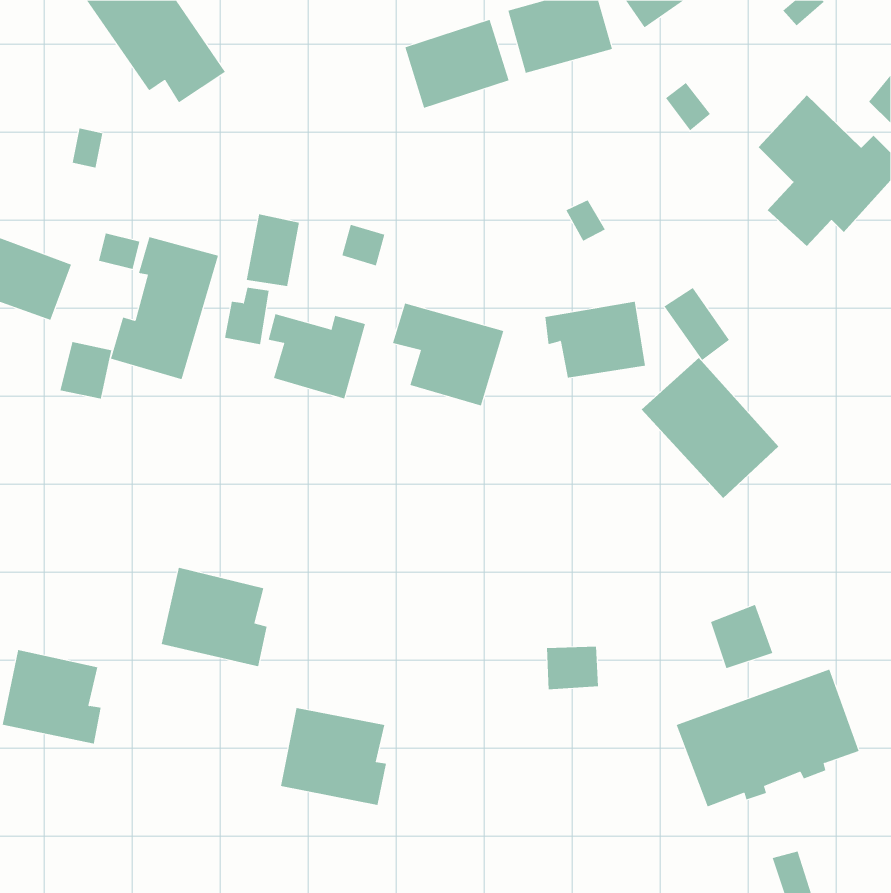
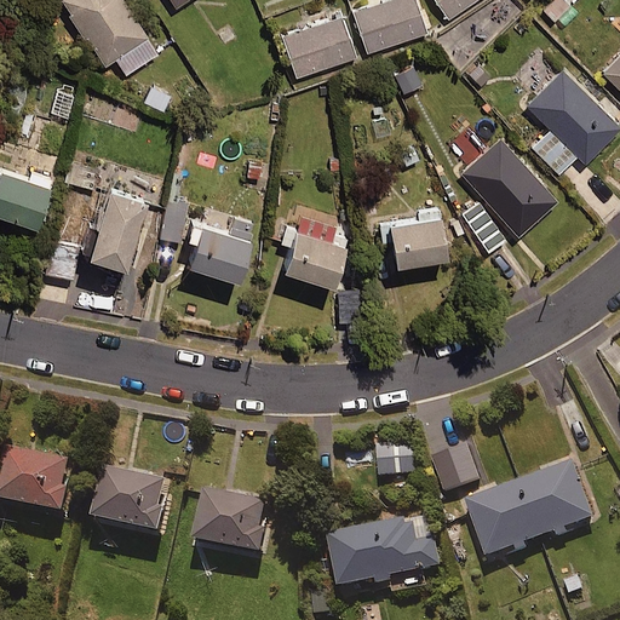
building: [246,213,299,287] -> none
building: [641,357,779,499] -> [458,137,553,235]
building: [161,567,268,667] -> [93,467,167,536]
building: [710,604,773,669] -> [434,448,477,493]
building: none -> [329,515,441,592]

